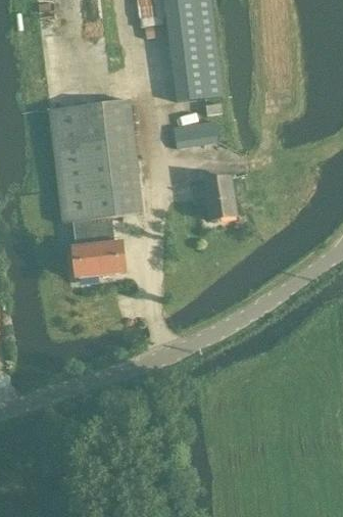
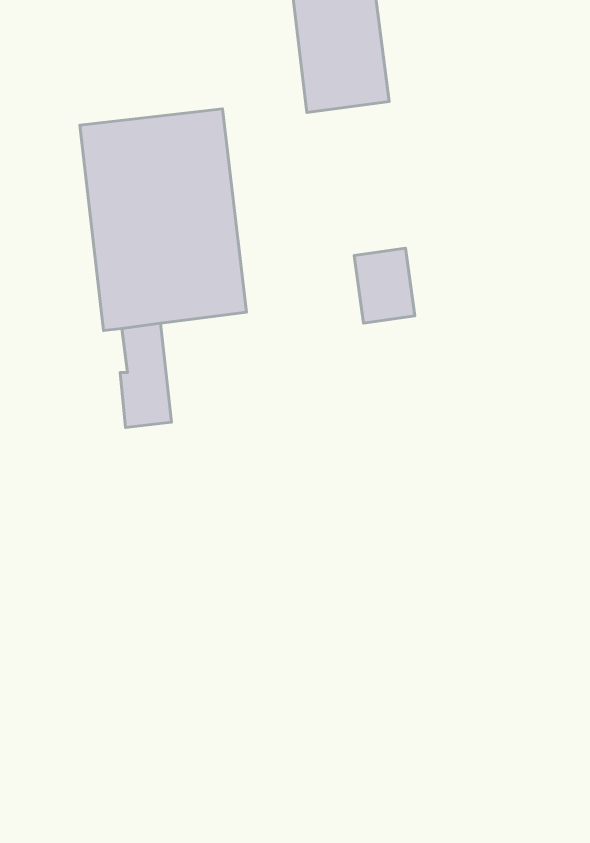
building: [173,121,216,149] -> none
building: [94,217,125,274] -> none

